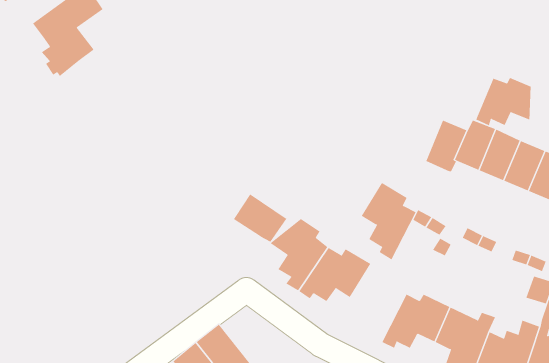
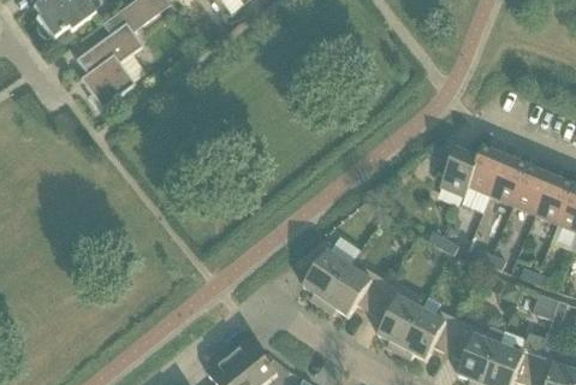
building: [476,77,531,126] -> none
building: [361,182,417,260] -> [372,282,423,354]
building: [233,194,287,243] -> none

